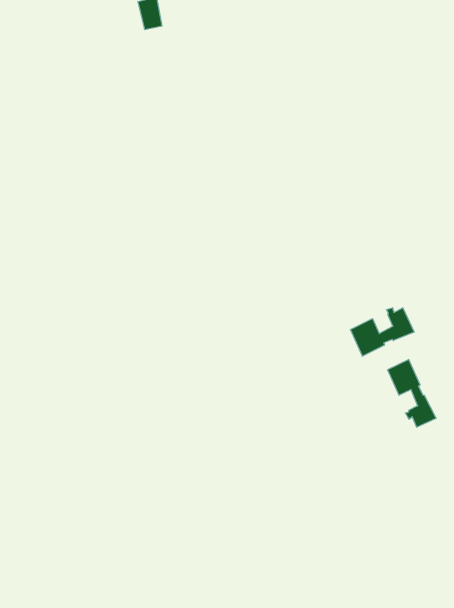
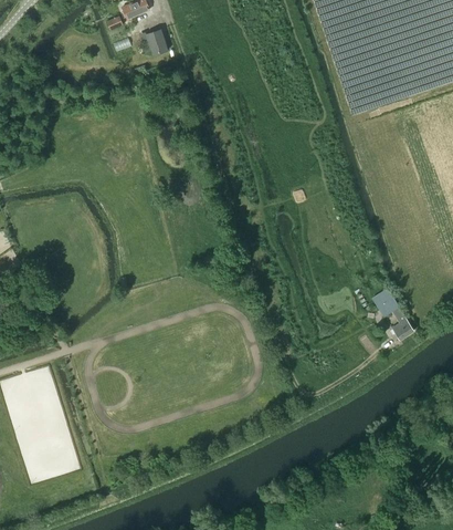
building: [350,308,414,356] -> none

